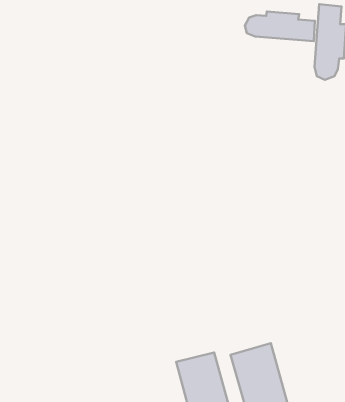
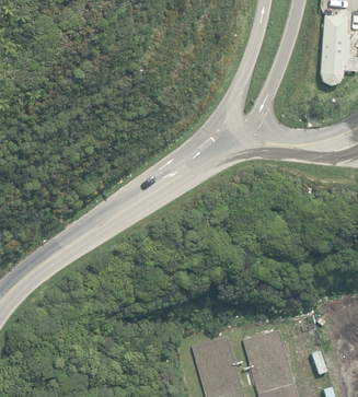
building: [245,12,315,41] -> none

